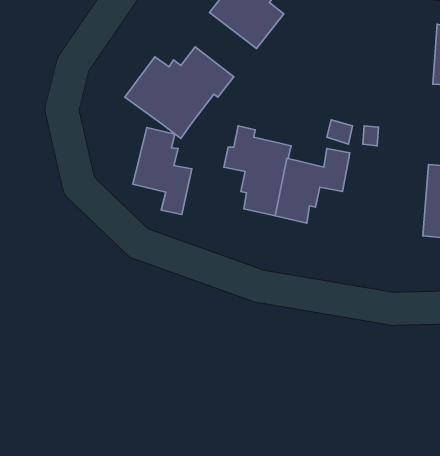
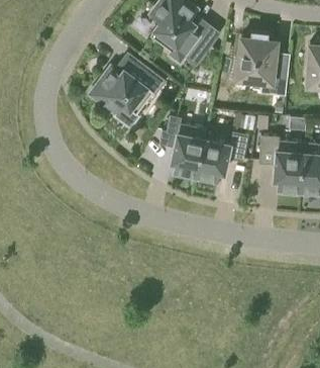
building: none -> [236,33,289,97]
building: [133,128,192,214] -> none
building: none -> [258,136,304,194]

